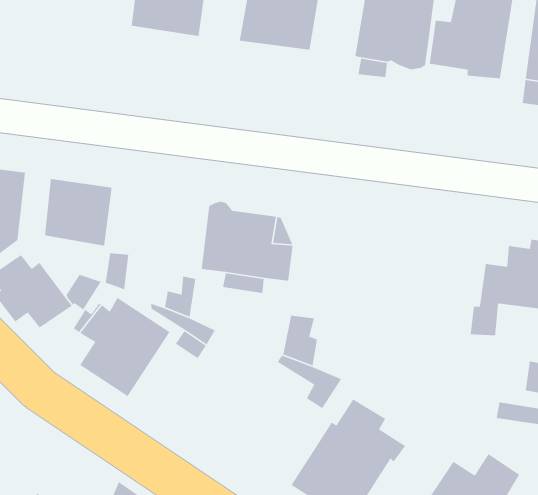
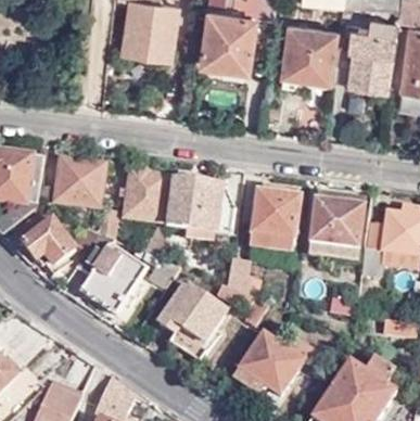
building: none -> [125,170,167,222]
building: none -> [246,190,301,252]
building: none -> [304,199,361,260]
building: none -> [160,285,227,361]

